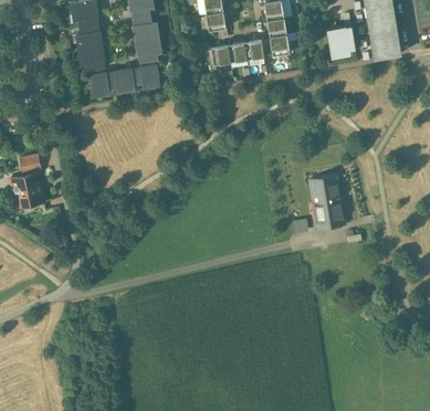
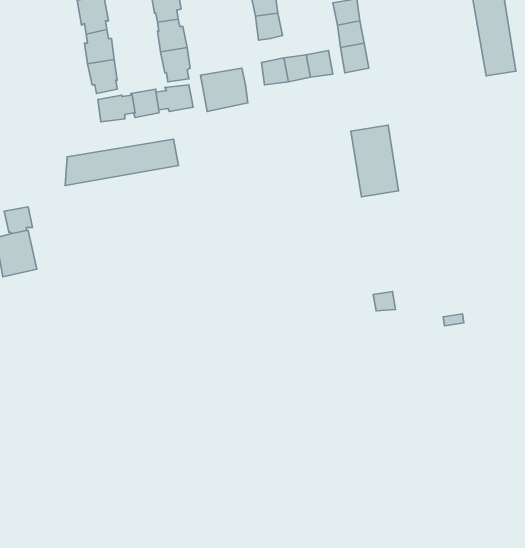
building: [328,25,353,52] -> none
building: none -> [200,68,248,111]
building: none -> [65,139,179,185]
building: [308,175,344,228] -> [351,125,399,197]

